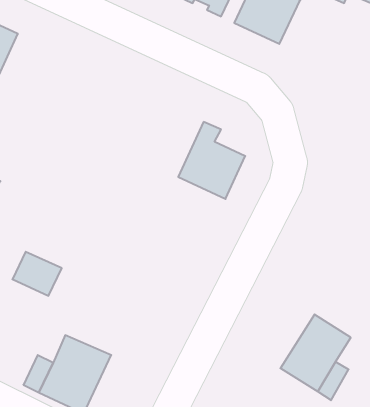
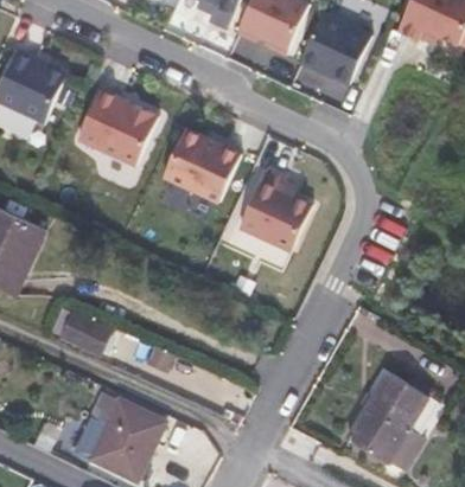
building: none -> [77,91,155,165]
building: none -> [164,130,240,199]

